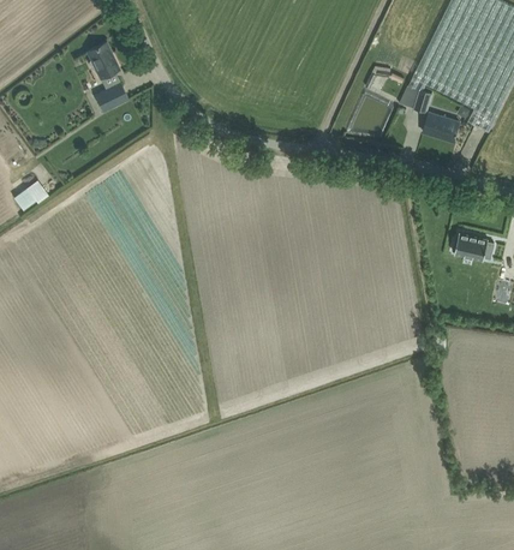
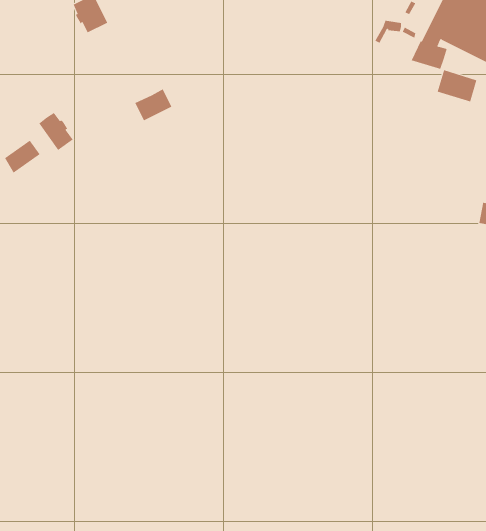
building: [92,82,127,112] -> [134,89,172,121]
building: none -> [38,112,73,151]

